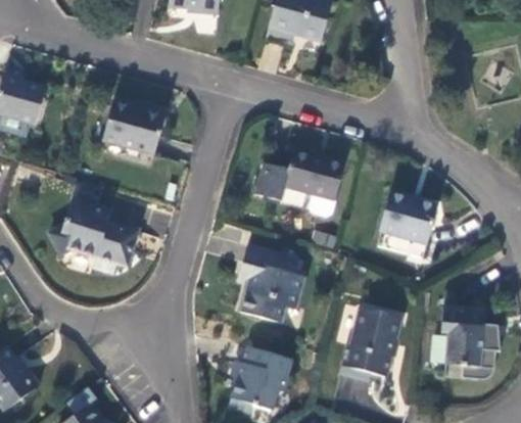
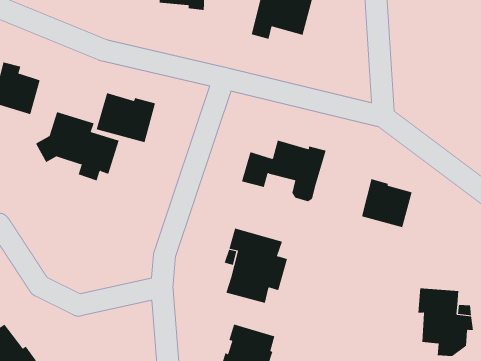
building: [47,200,136,274] -> [35,112,120,181]
building: [338,308,399,380] -> none

